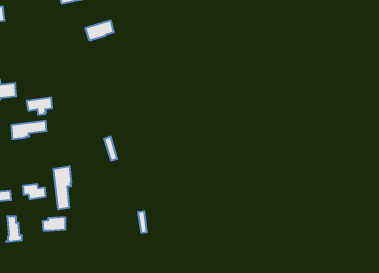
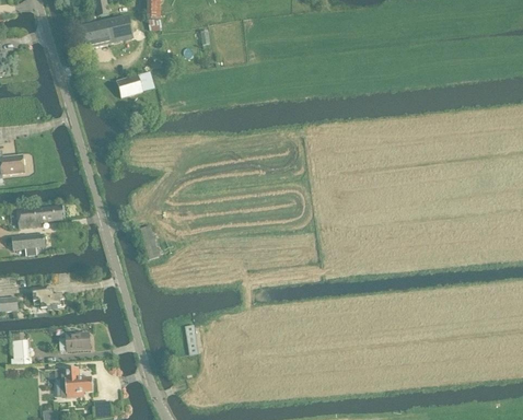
building: [27,98,52,115] -> [11,233,45,256]
building: [54,166,71,209] -> none
building: none -> [55,366,93,398]

